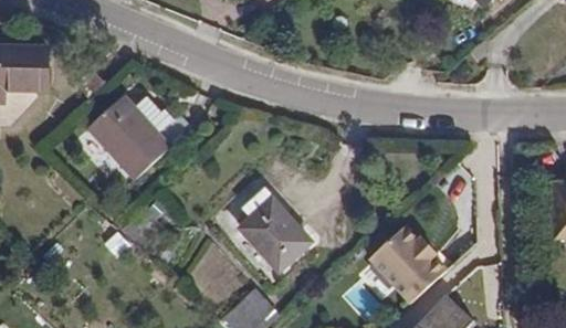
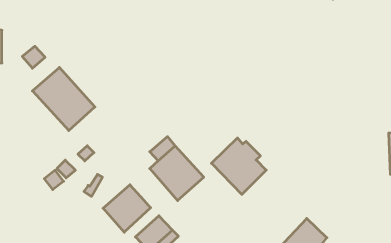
building: [373,229,444,303] -> [211,138,266,194]
building: none -> [103,185,151,232]

